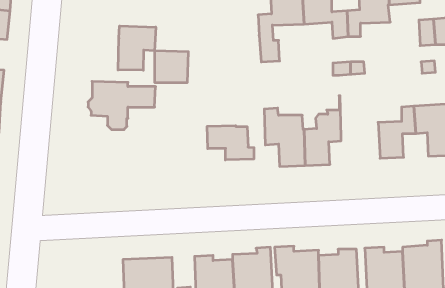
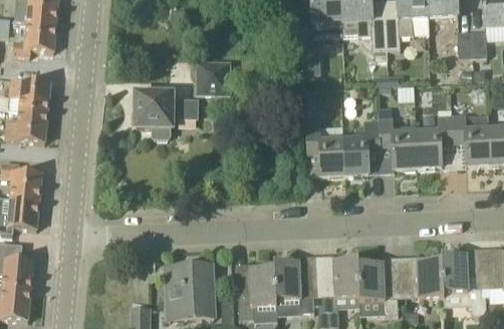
building: [118,26,156,70] -> none
building: none -> [379,106,418,169]
building: [207,126,254,160] -> none

